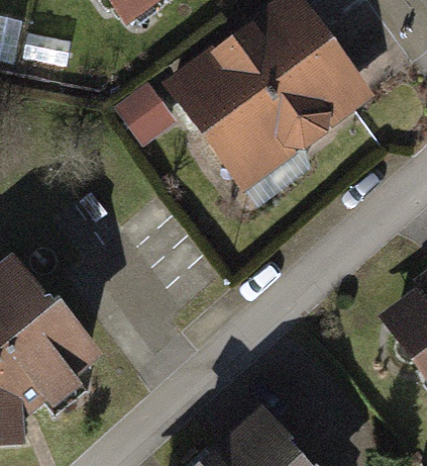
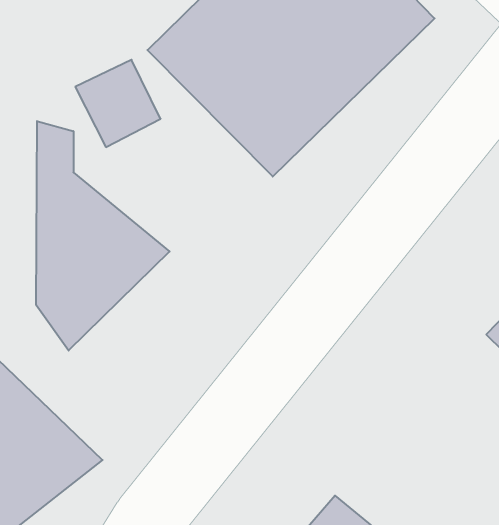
building: none -> [36,121,170,351]

